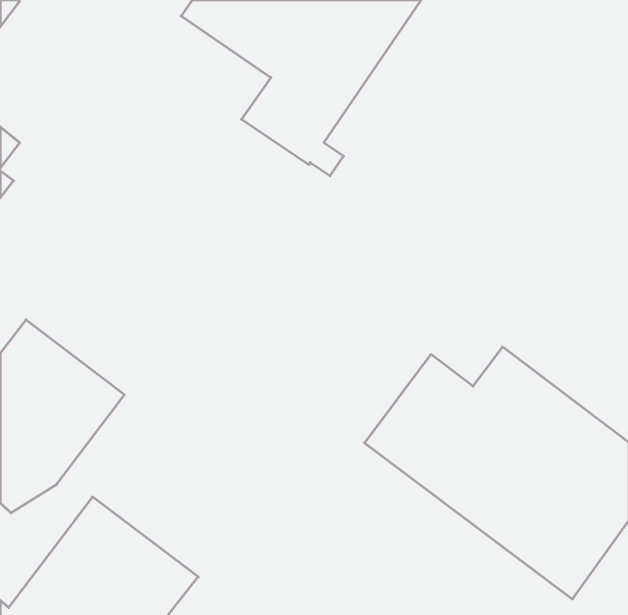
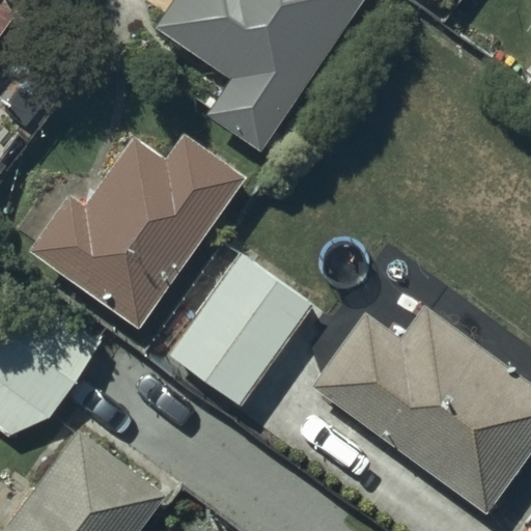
building: none -> [28,131,247,327]
building: none -> [166,253,315,409]

